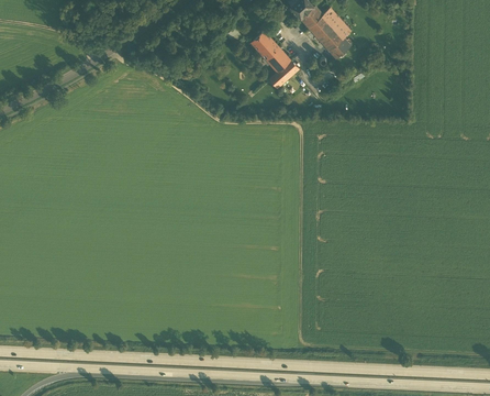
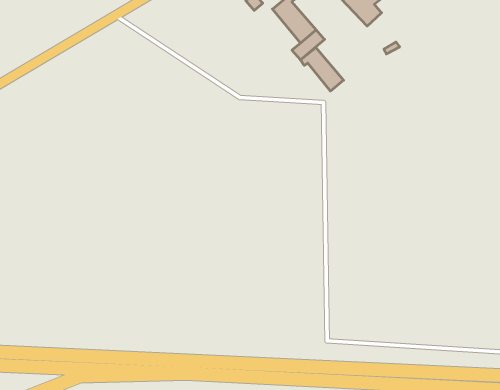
building: none -> [300,48,344,91]

